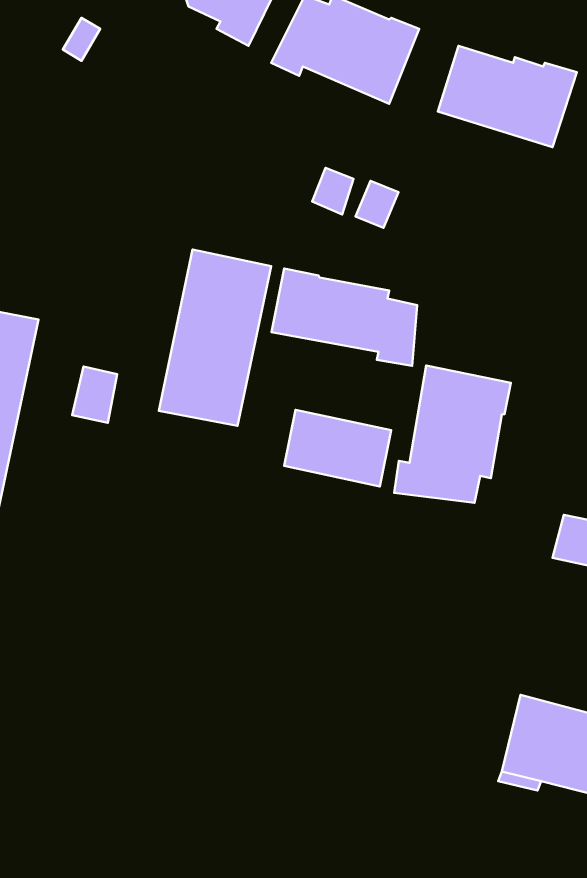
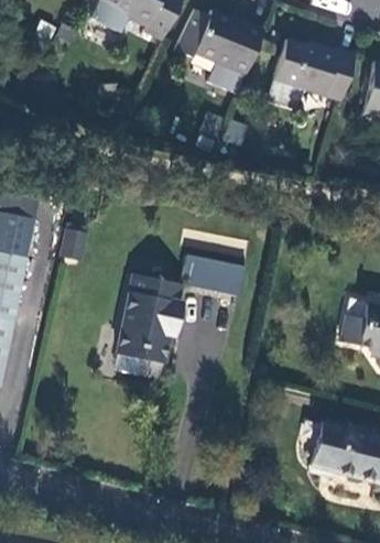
building: [159,249,271,426] -> [112,274,178,378]
building: [272,268,417,366] -> none
building: [394,366,511,503] -> none

